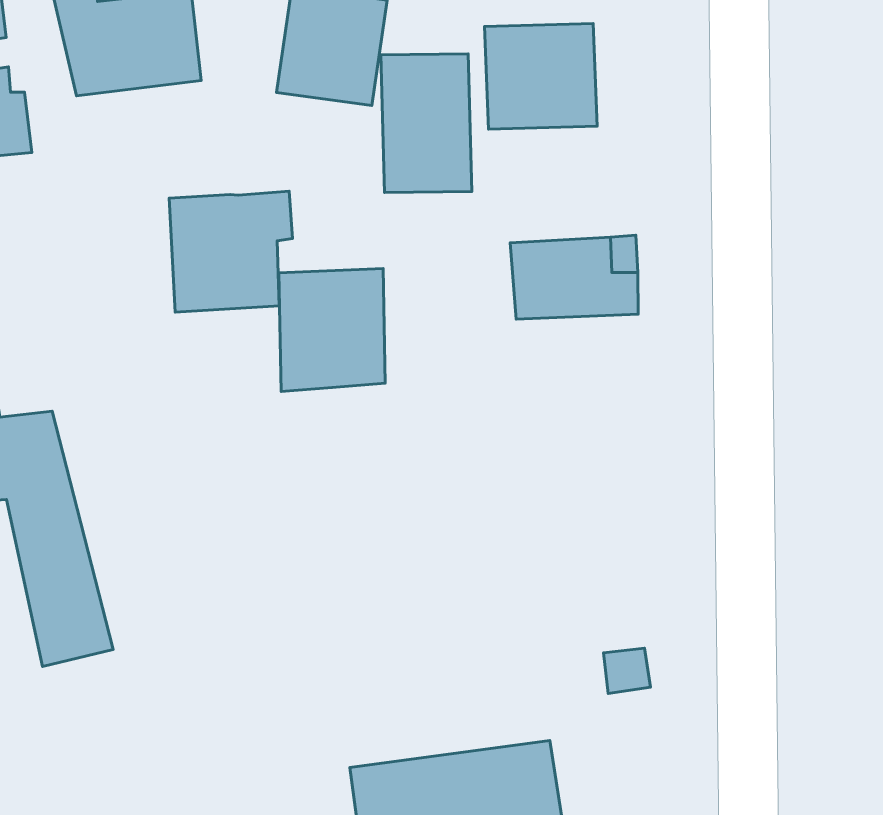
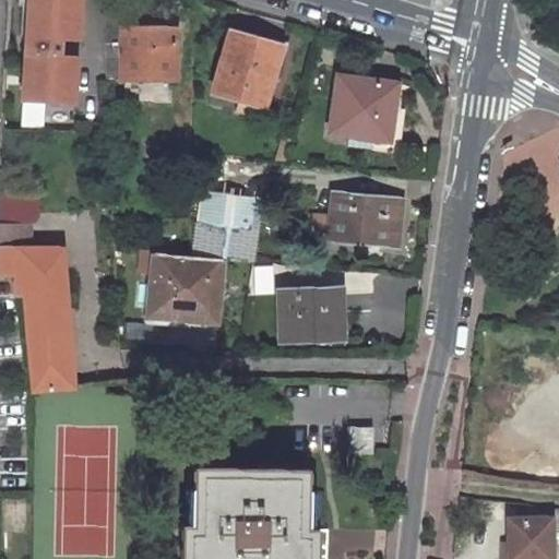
building: [381,54,472,192] -> none
building: [169,191,293,312] -> [148,253,222,322]
building: none -> [277,293,335,340]

